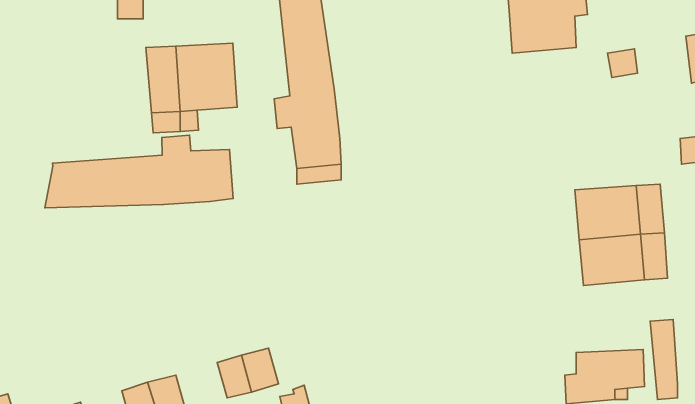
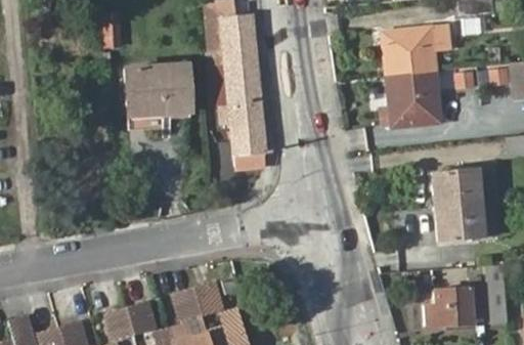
building: none -> [388,69,438,124]
building: [45,135,233,208] -> none

